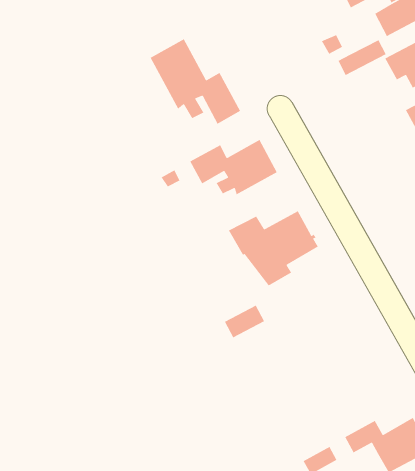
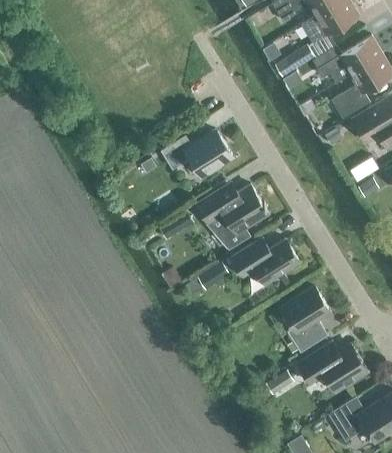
building: [149,38,241,125] -> none
building: none -> [231,240,299,283]
building: none -> [281,288,329,352]

